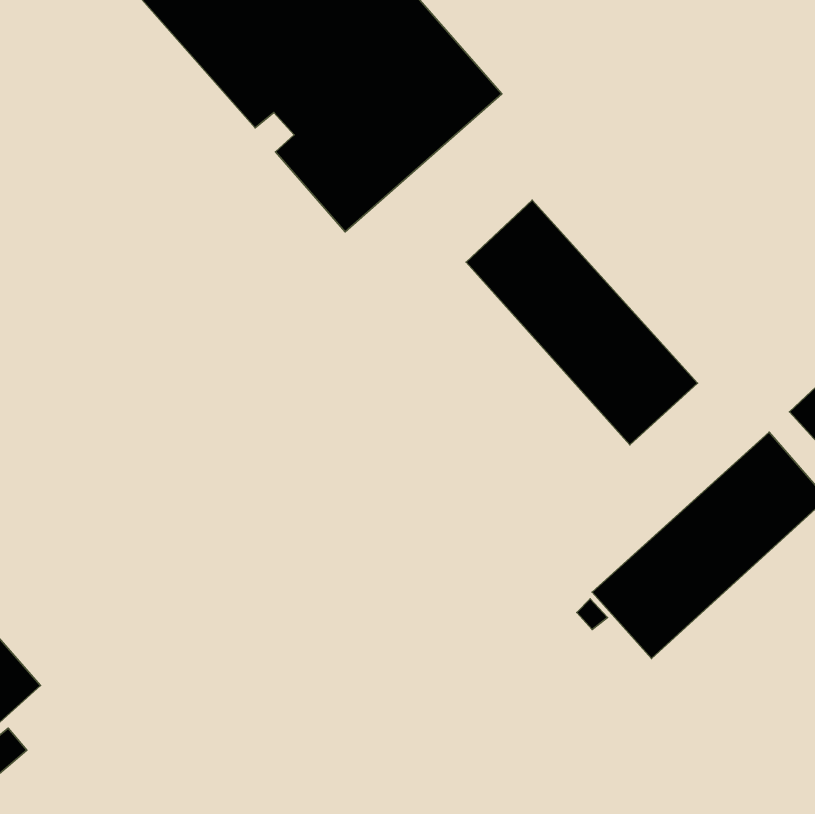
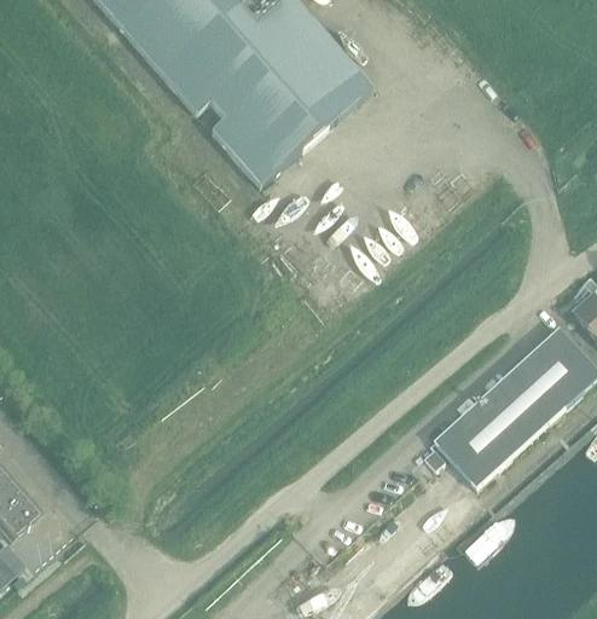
building: [466,200,698,445] -> none

